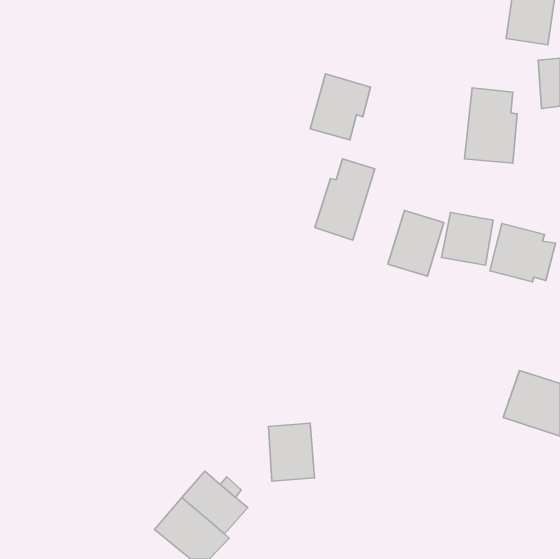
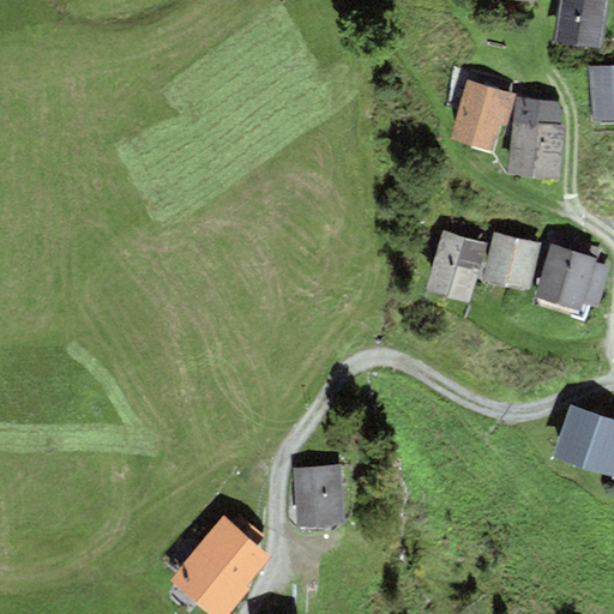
building: [310,74,371,140] -> [450,78,516,150]
building: [315,159,375,240] -> none

